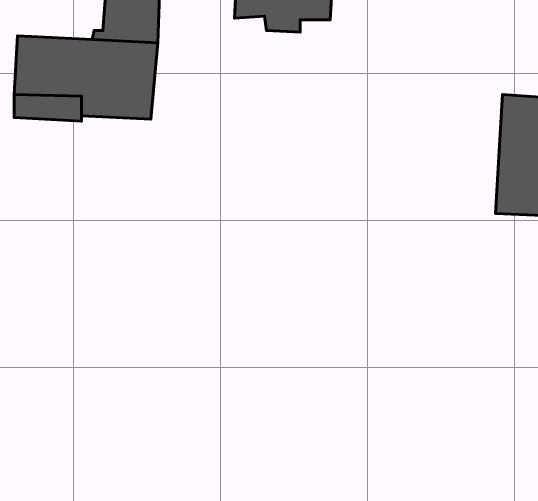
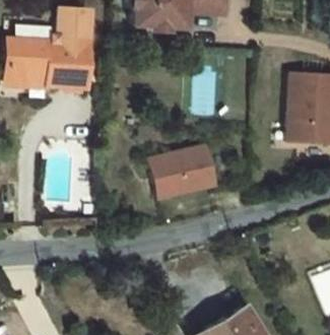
building: none -> [151,145,216,200]

